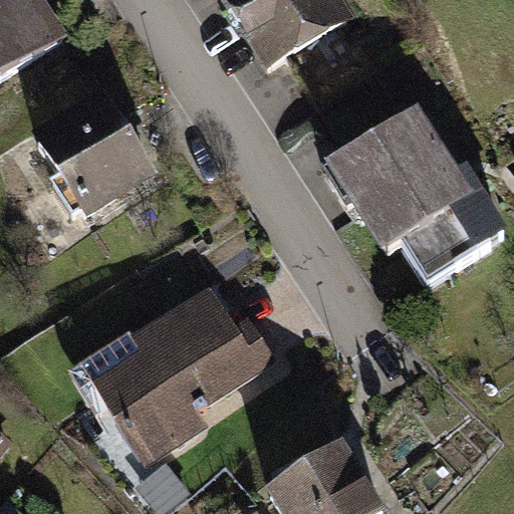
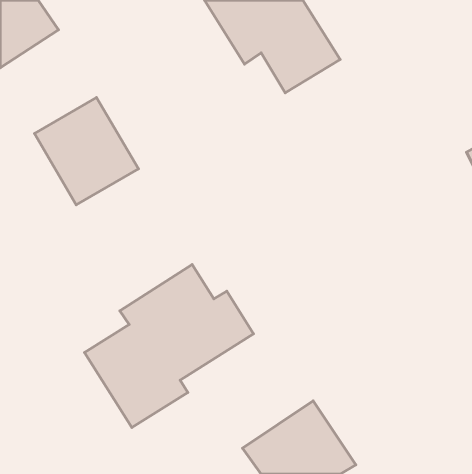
building: [321,105,507,287] -> none

